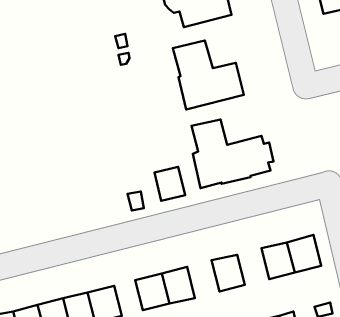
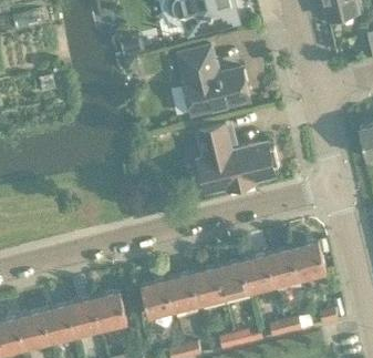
building: [155,167,185,201] -> none
building: none -> [242,255,274,291]
building: none -> [193,267,225,305]

